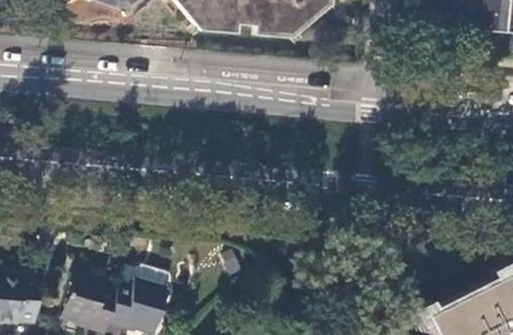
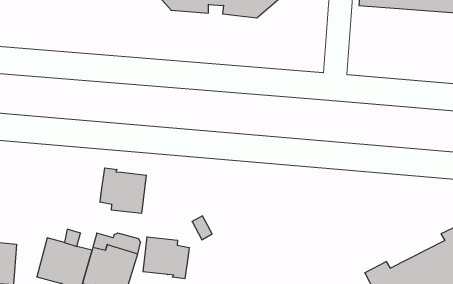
building: none -> [100,168,146,213]
building: none -> [143,237,189,279]

